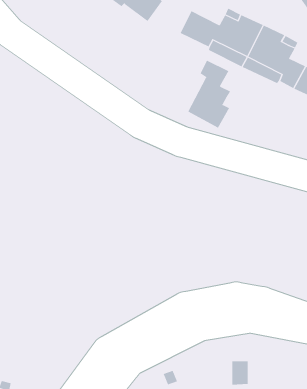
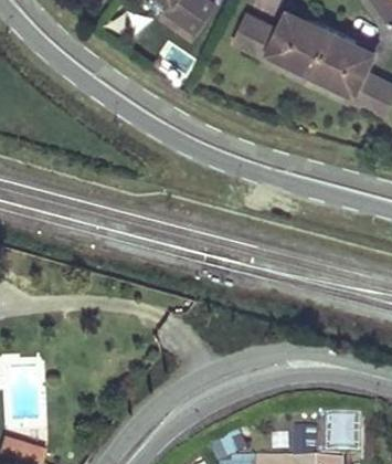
building: [188,60,231,128] -> none

